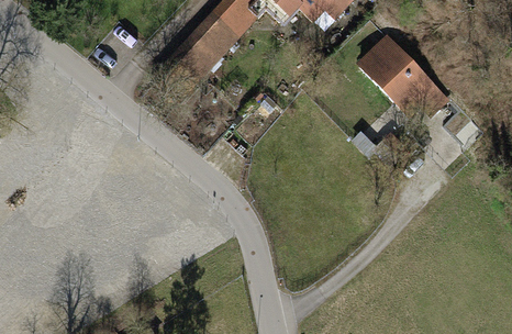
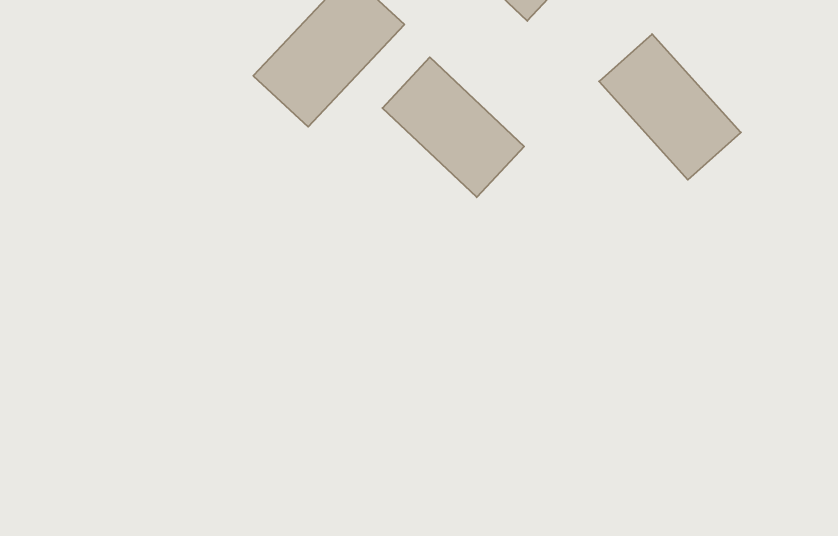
building: none -> [382,57,524,197]

